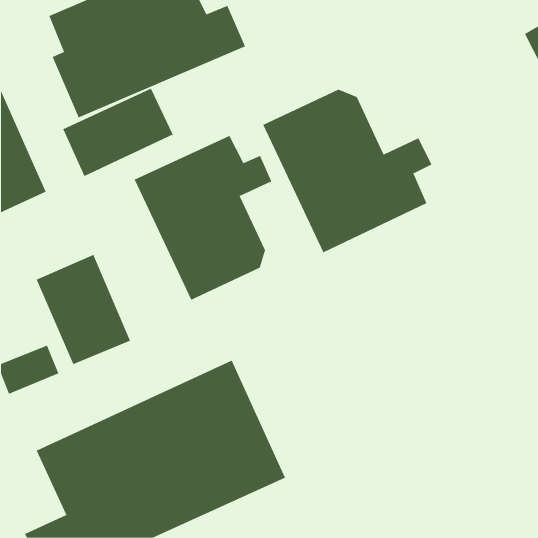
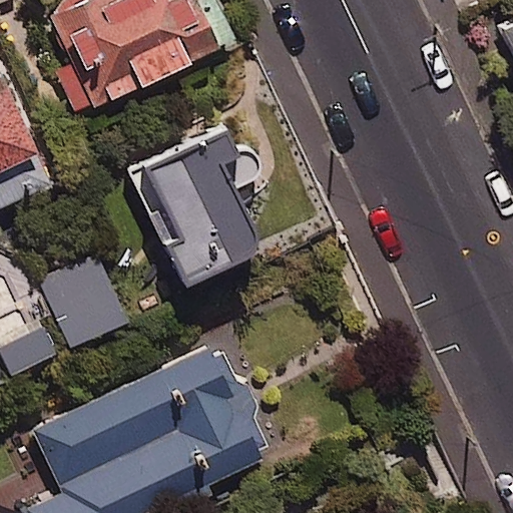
building: [62,88,174,177] -> none
building: [263,89,432,253] -> none

